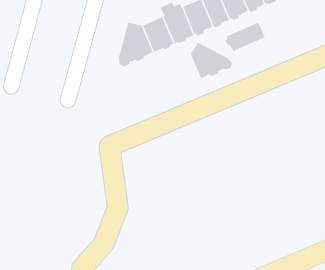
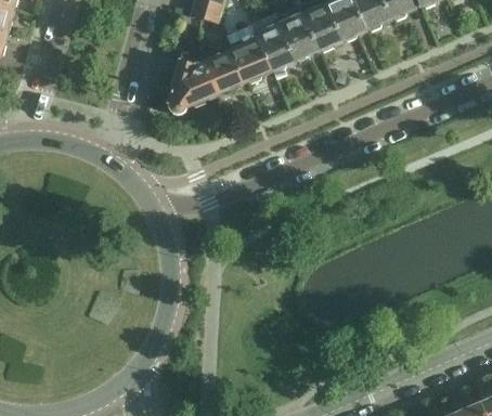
building: [225,22,265,52] -> none
building: [190,42,232,79] -> none

